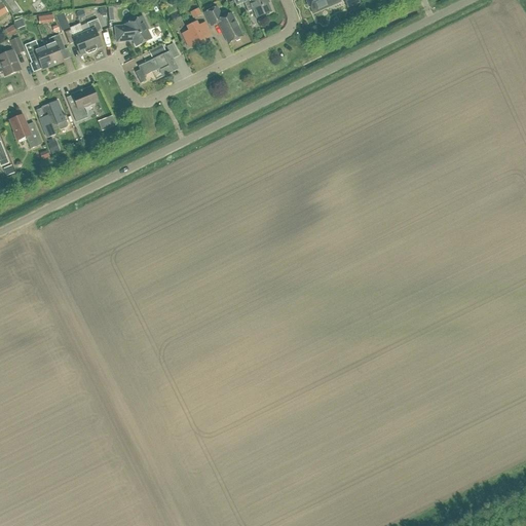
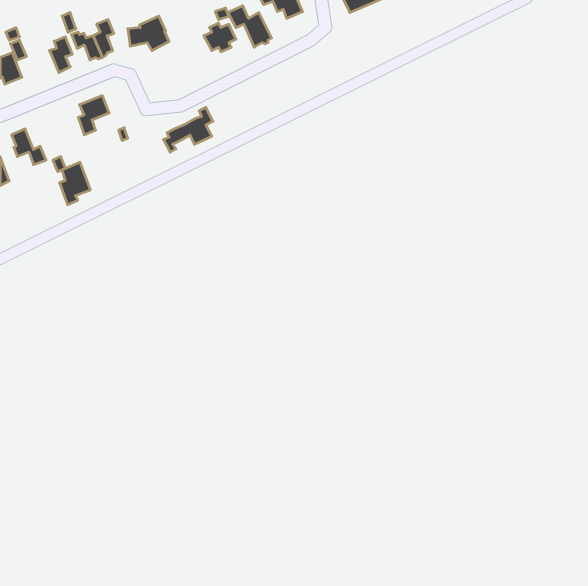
building: [24,39,52,69] -> none
building: [135,42,179,82] -> [163,107,213,152]
building: [39,99,67,137] -> [59,162,90,205]

